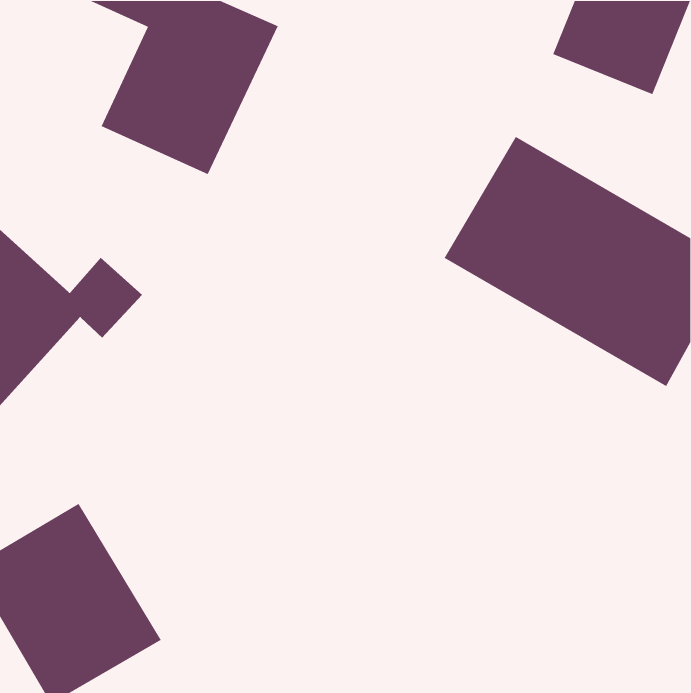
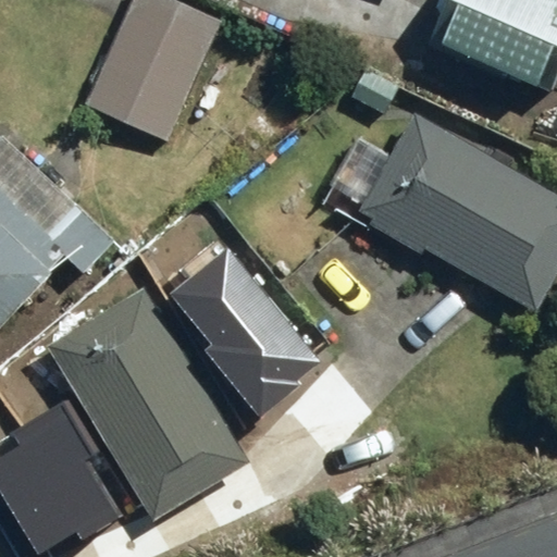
building: none -> [166,247,313,404]
building: none -> [47,287,250,520]

